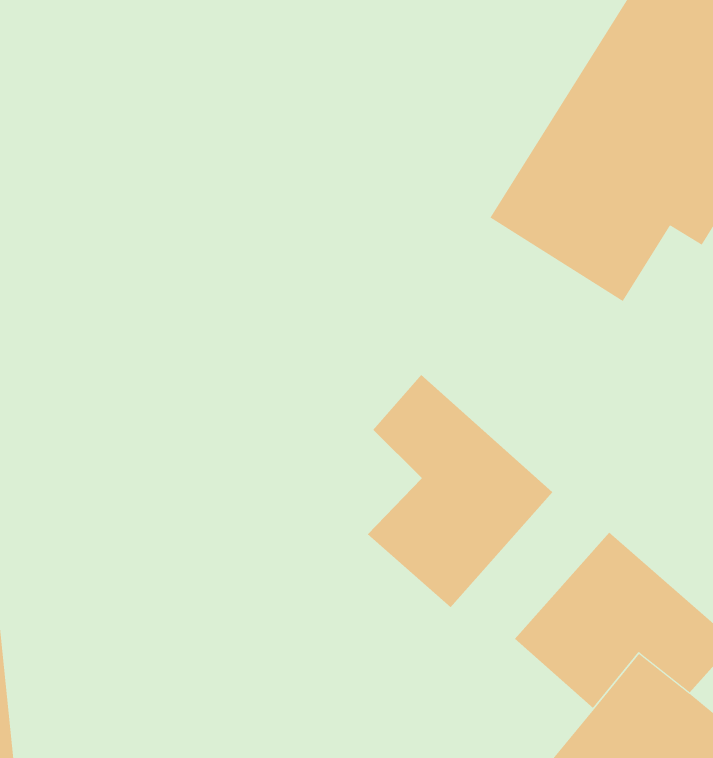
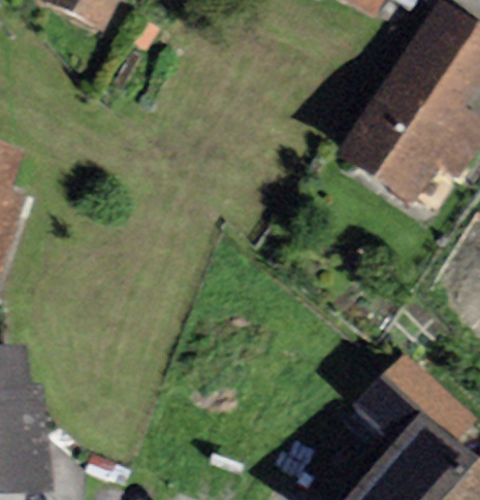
building: [367,374,553,608] -> none

